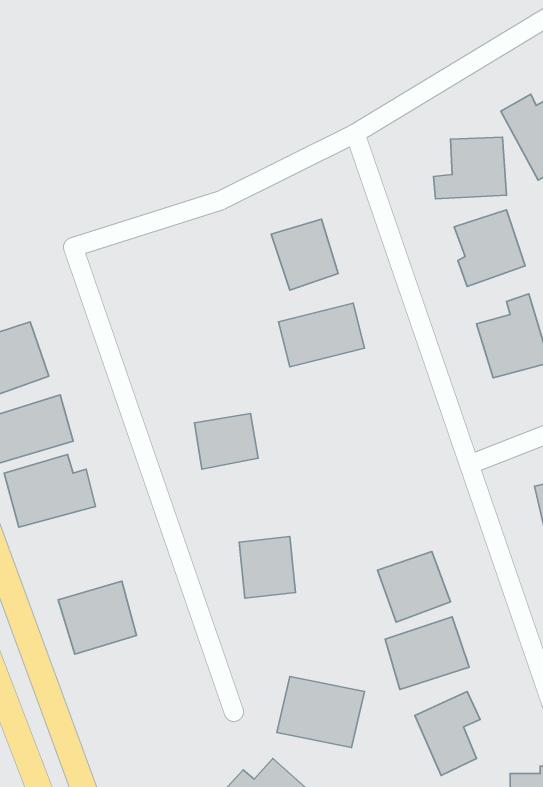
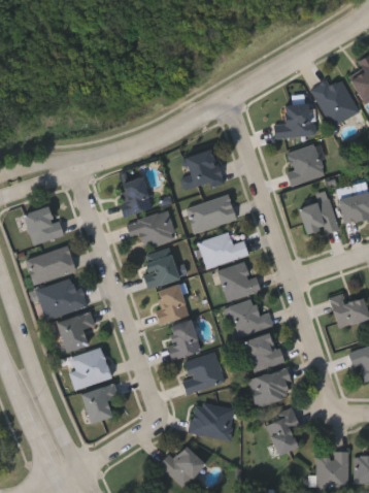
building: none -> [115,177,152,216]
building: none -> [126,209,176,249]
building: none -> [199,232,248,267]
building: none -> [217,262,262,300]
building: none -> [157,285,189,324]
building: none -> [230,299,273,337]
building: none -> [57,313,95,353]
building: none -> [182,353,225,395]
building: none -> [79,384,119,424]

